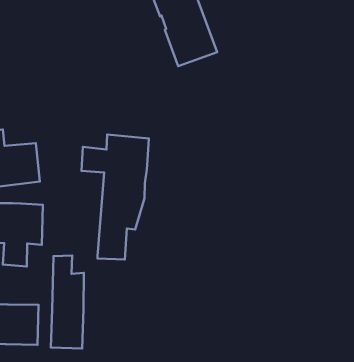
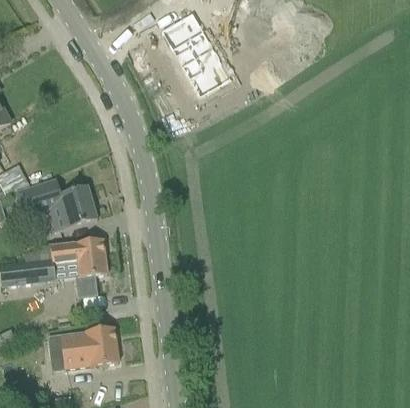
building: [82,134,149,260] -> none
building: [51,255,84,349] -> none

